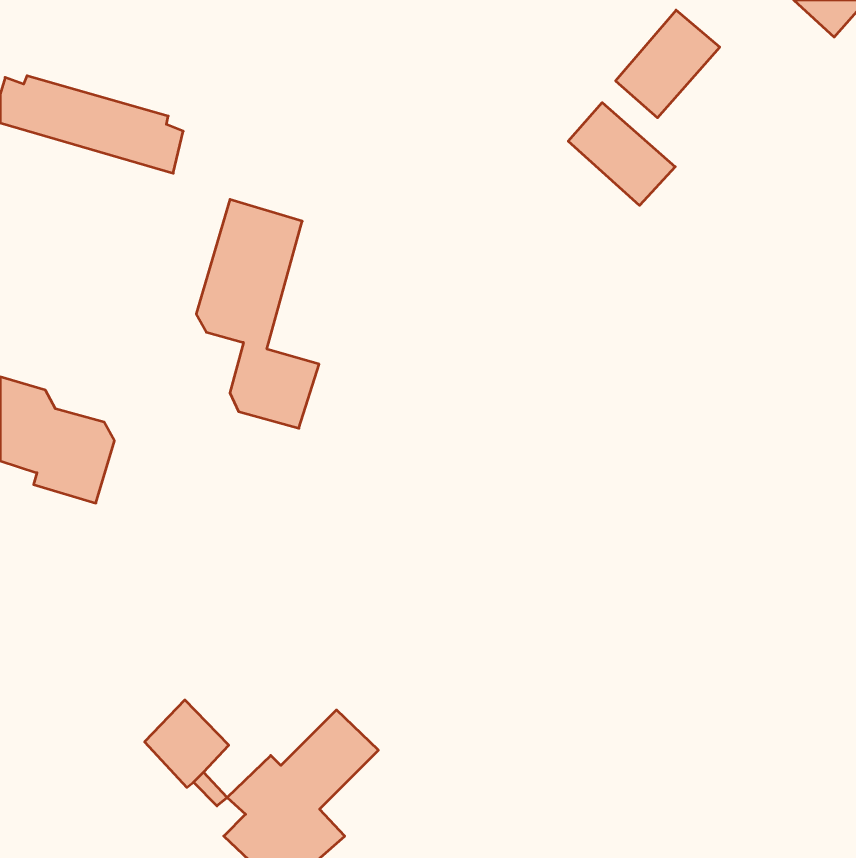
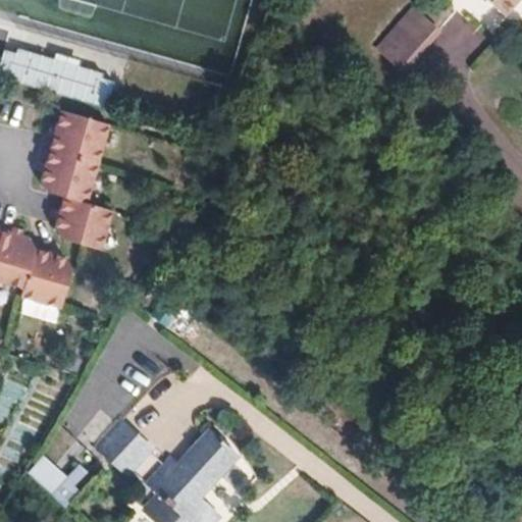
building: [568,103,675,205] -> none
building: [196,199,319,428] -> [44,111,118,250]
building: none -> [25,456,88,511]

